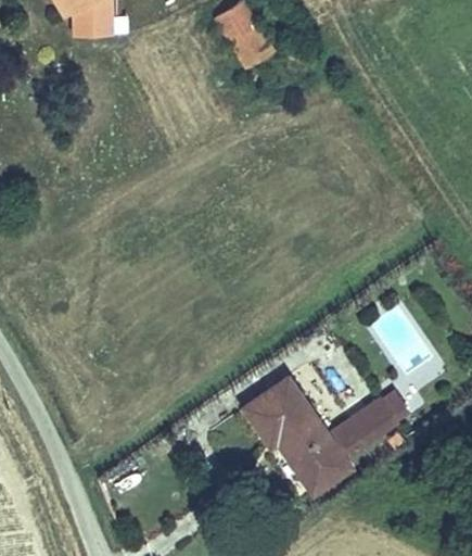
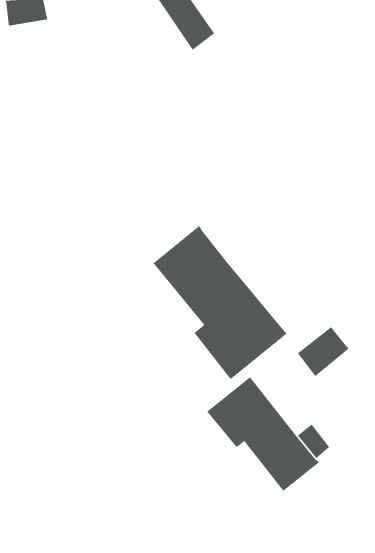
building: none -> [152,225,288,380]
building: [343,403,394,451] -> [297,326,350,377]

